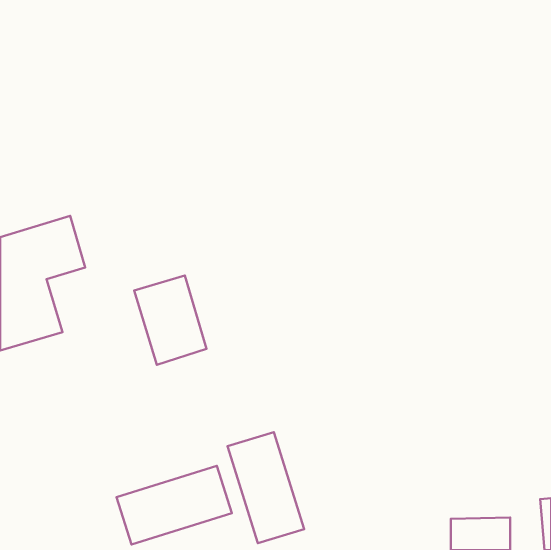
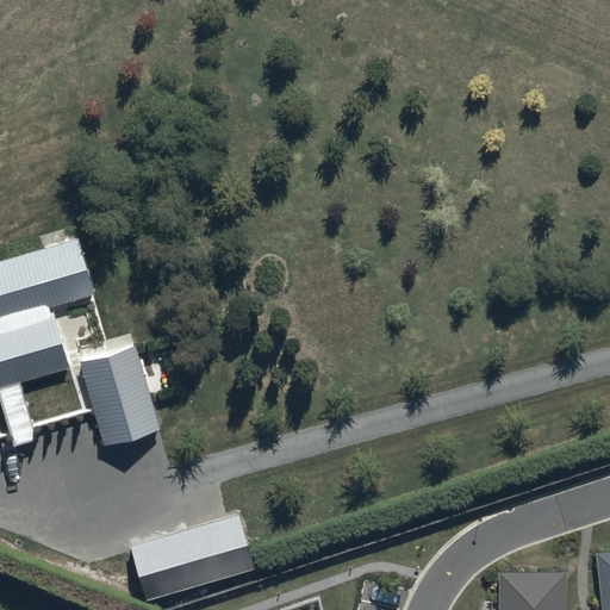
building: [134,275,207,365] -> [80,348,160,447]
building: [228,432,304,543] -> none

